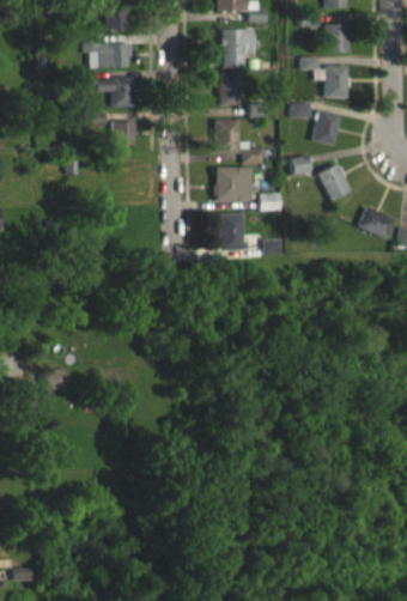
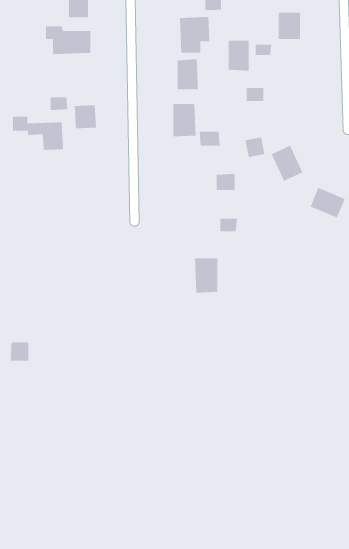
building: [324,66,347,98] -> [228,40,249,71]
building: [79,72,133,108] -> [12,116,64,151]
building: [312,110,340,145] -> none
building: [214,166,251,201] -> none
building: [219,214,244,251] -> [194,258,218,293]

